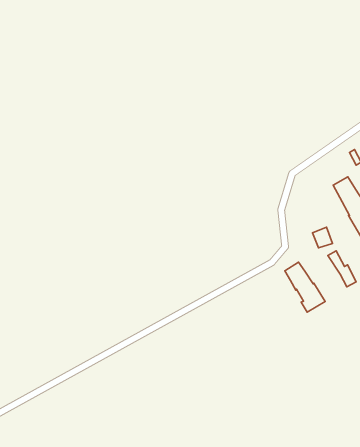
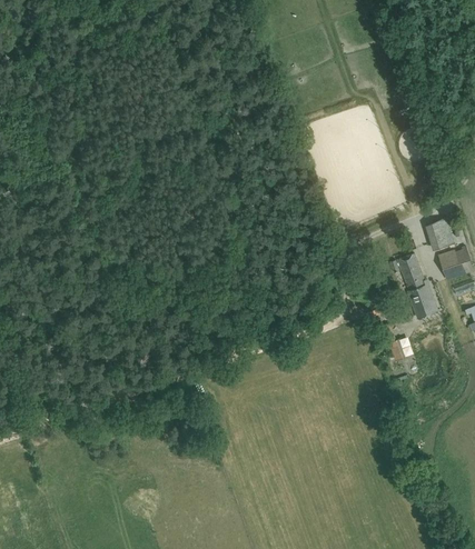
building: [285,262,325,312] -> none

